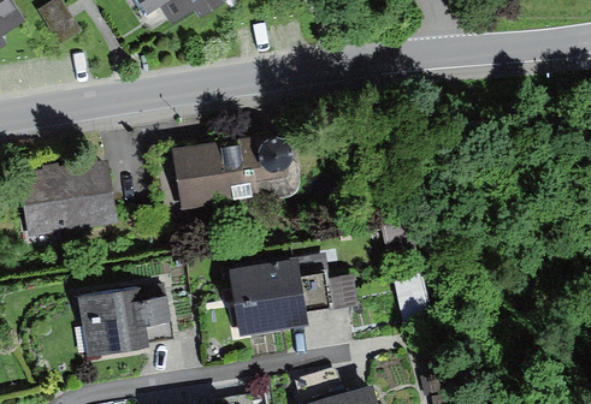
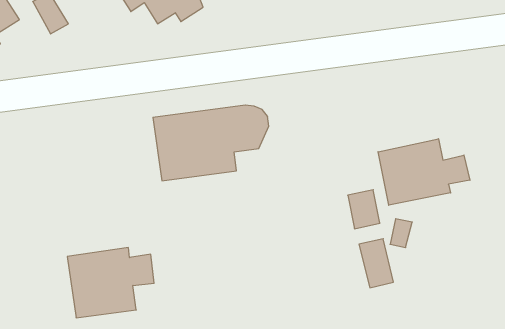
building: [19,161,114,233] -> none
building: none -> [378,139,470,205]
building: [230,256,331,333] -> none

